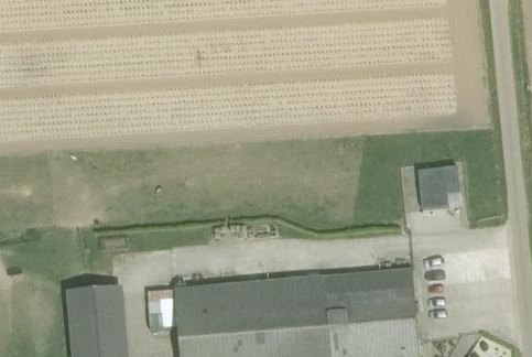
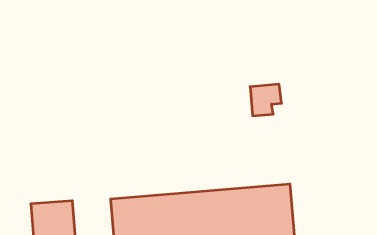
building: [416,164,458,206] -> [250,84,282,116]

